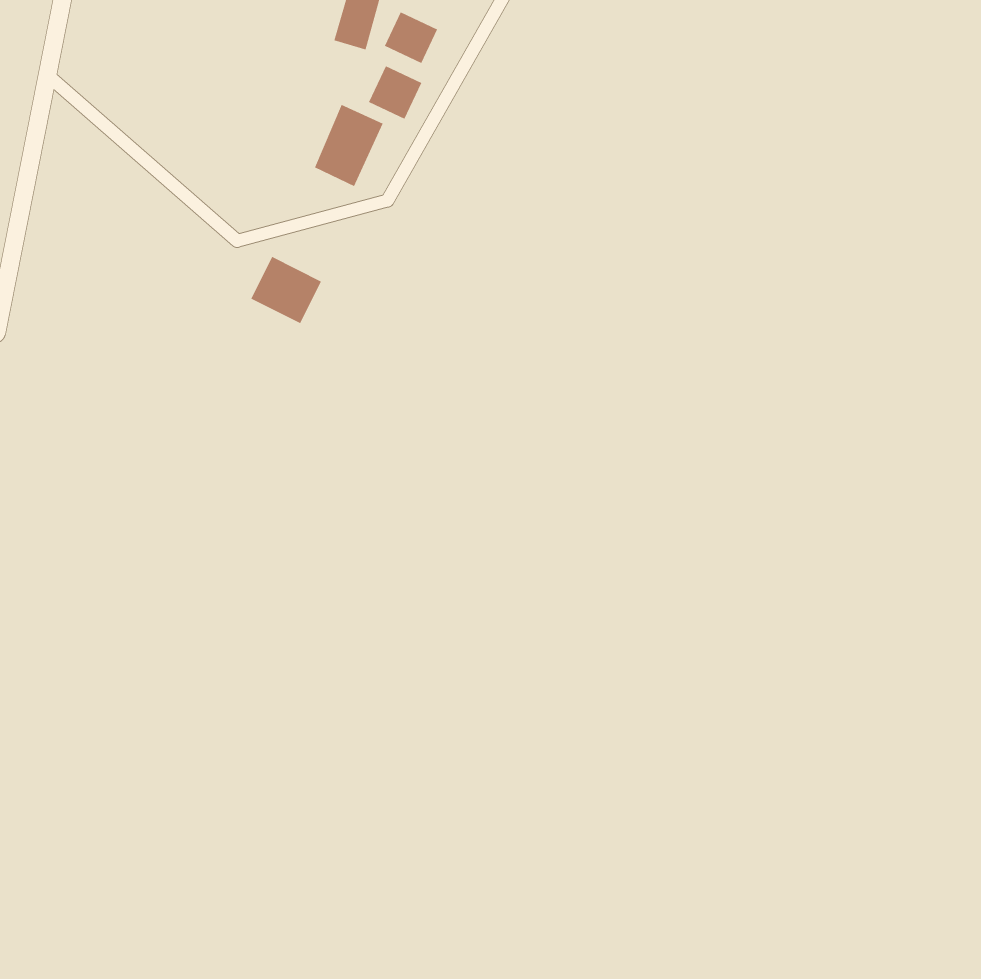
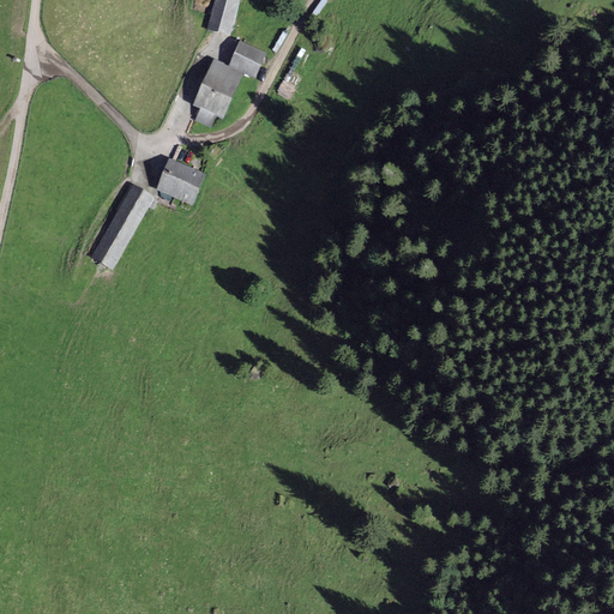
building: [384,11,438,64] -> none
building: none -> [91,186,151,266]

